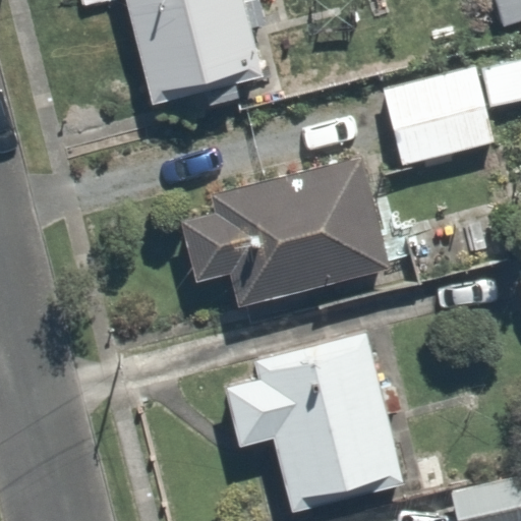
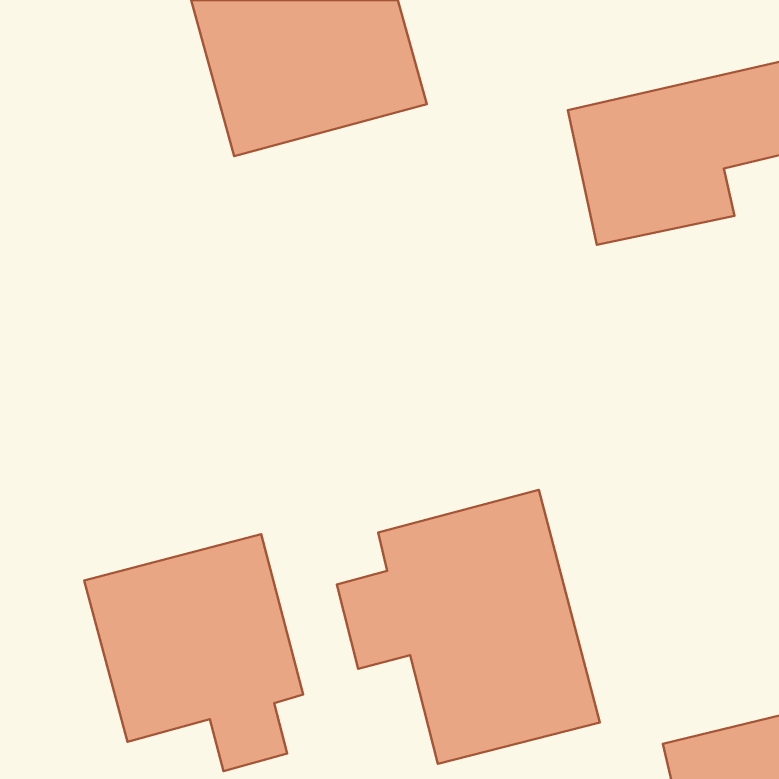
building: [170,159,395,307] -> none
building: none -> [84,534,303,771]

